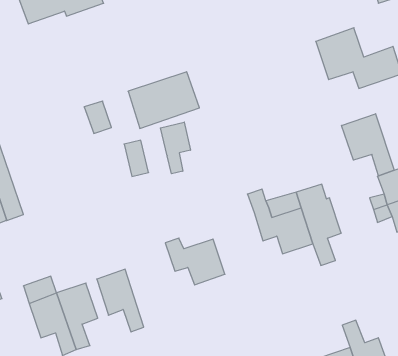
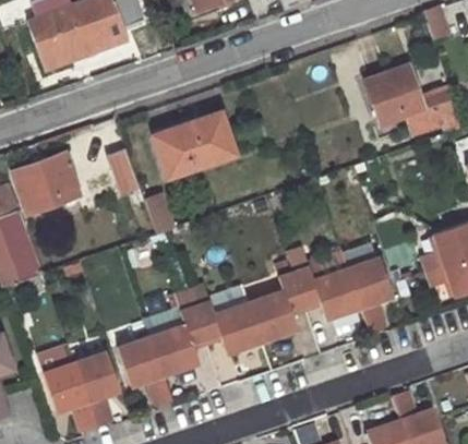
building: none -> [17,154,81,213]
building: [342,114,394,176] -> none
building: [160,122,190,174] -> none
building: none -> [250,273,305,341]
building: none -> [152,307,207,376]

